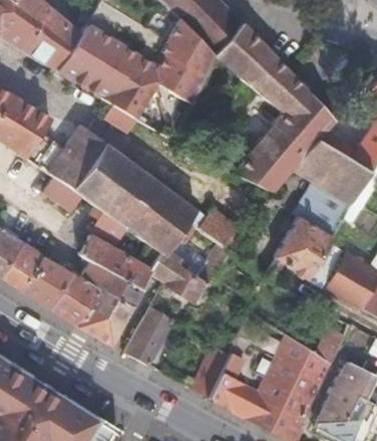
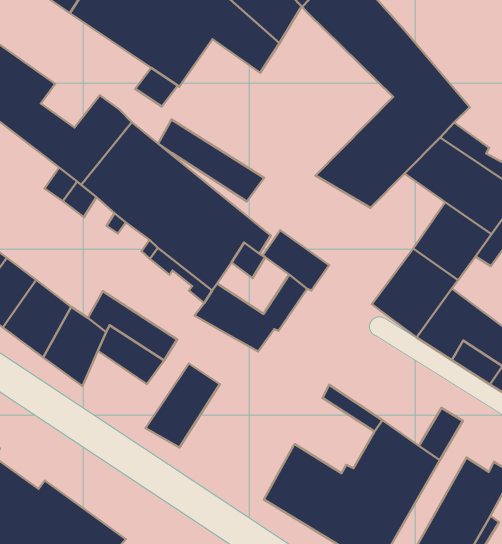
building: [80,237,154,290] -> [158,120,264,201]
building: [80,301,124,345] -> none
building: [187,354,228,397] -> none

